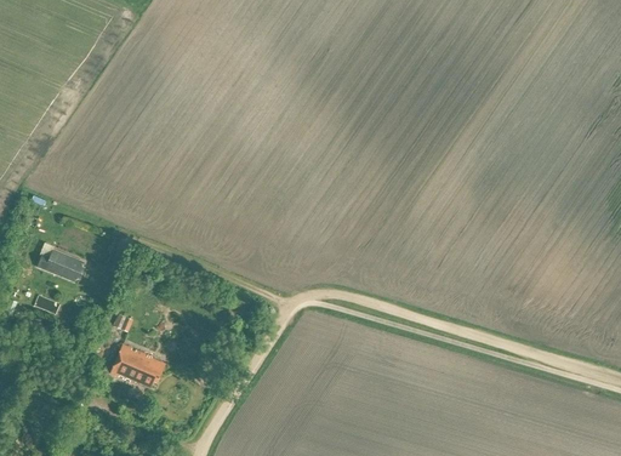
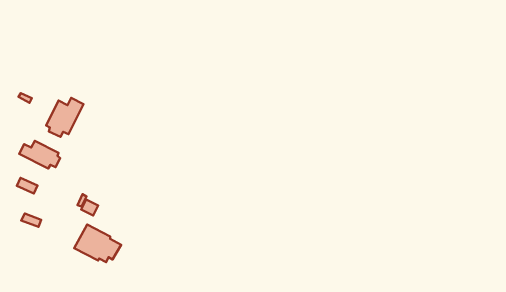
building: none -> [46,98,84,137]

